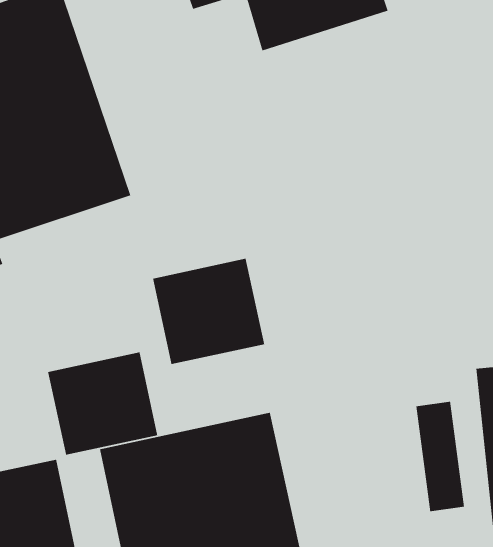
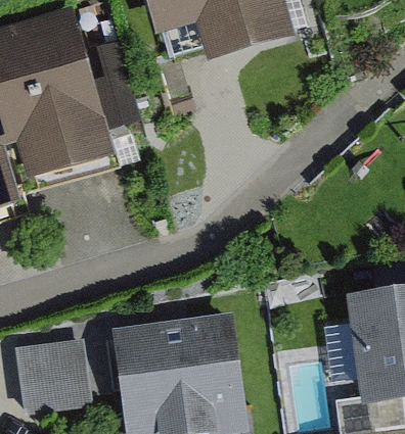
building: [152,258,265,365] -> none
building: [48,352,158,456] -> none

